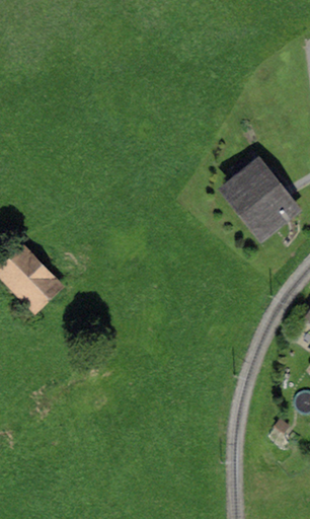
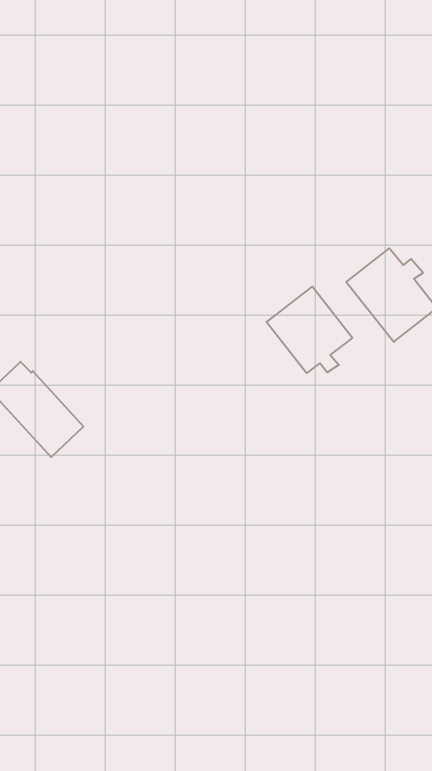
building: none -> [266,287,352,373]

